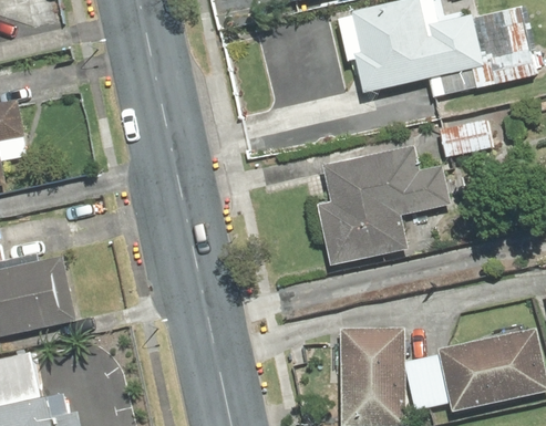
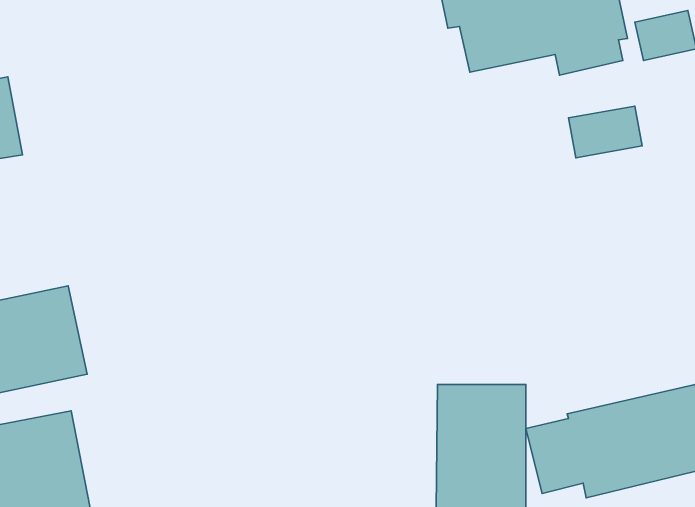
building: [318,145,453,267] -> none

